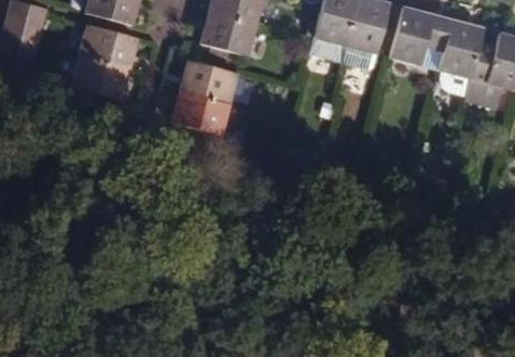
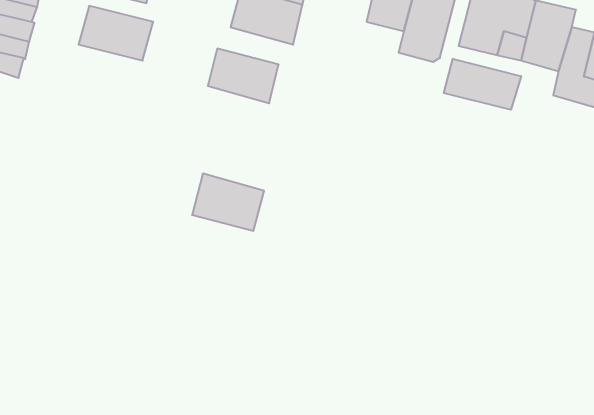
building: [70,55,130,101] -> none
building: none -> [444,59,521,110]
building: [175,89,233,136] -> [192,174,264,231]

